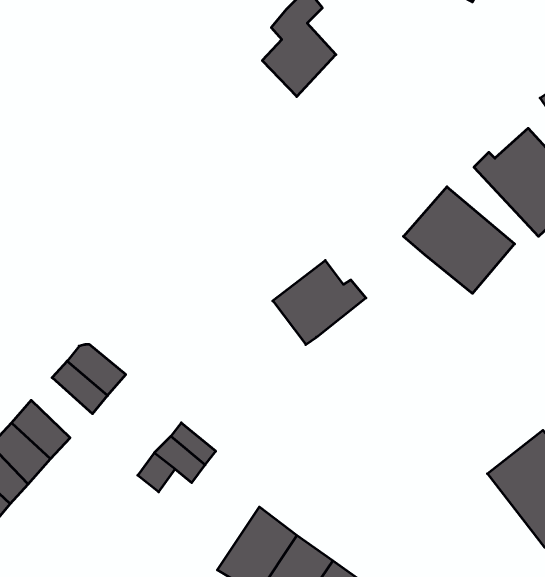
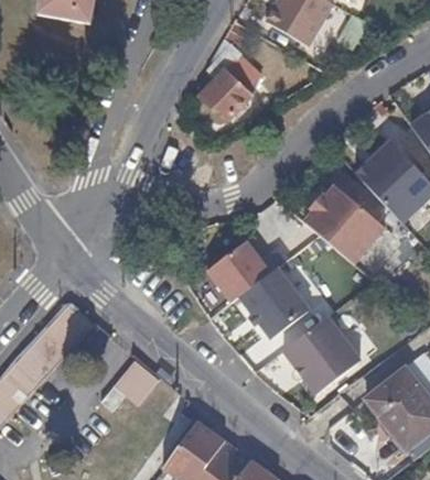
building: none -> [238,268,308,339]
building: none -> [282,315,359,393]
building: none -> [29,326,74,370]

